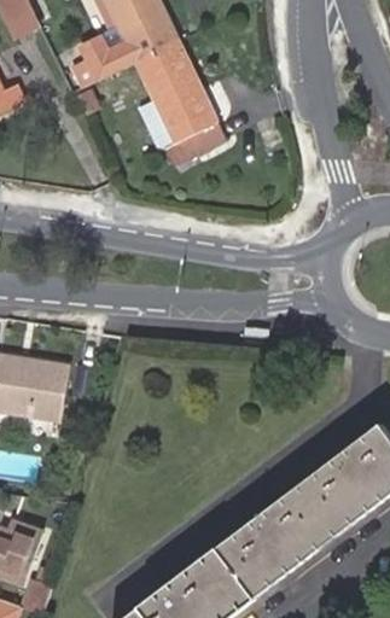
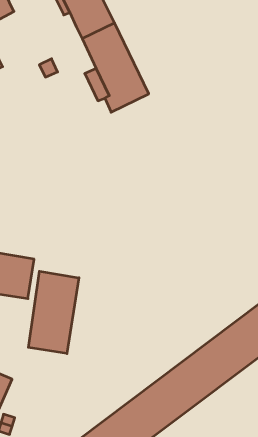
building: [74,40,134,86] -> none
building: none -> [28,271,79,354]

